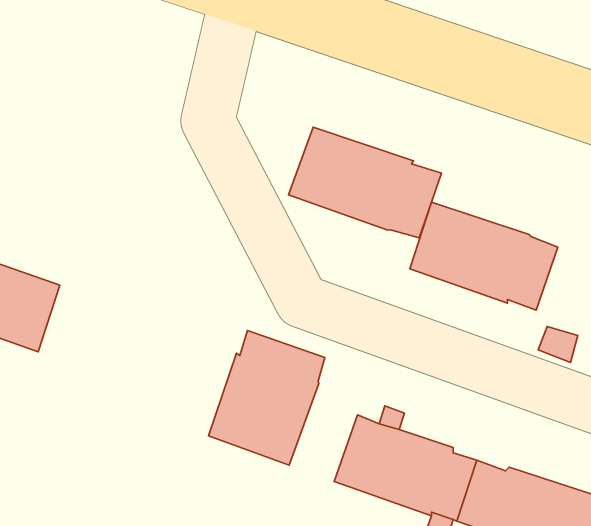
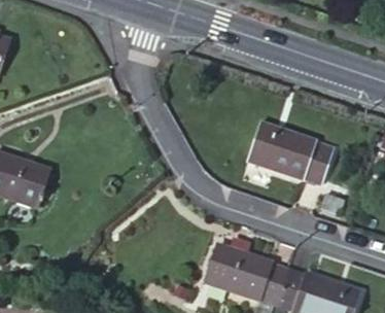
building: [289,127,442,238] -> none
building: [208,330,325,465] -> none

